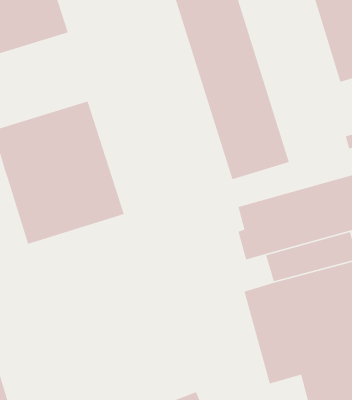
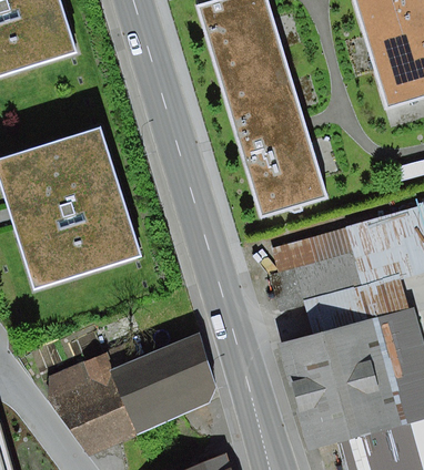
building: none -> [48,336,220,454]

